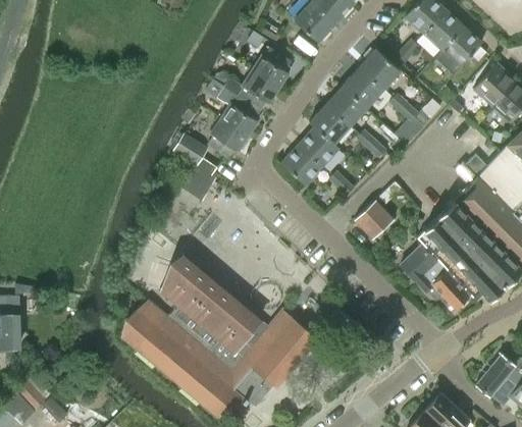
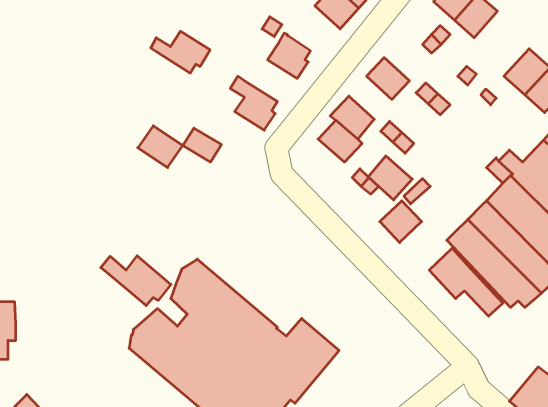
building: [442,25,482,66] -> none
building: [359,49,400,90] -> none
building: [223,70,278,109] -> [151,31,210,73]
building: [326,86,366,125] -> none
building: [207,118,248,157] -> none
building: [281,144,322,184] -> [368,156,412,200]
building: [174,161,216,200] -> [138,126,183,168]
building: none -> [101,256,171,306]

